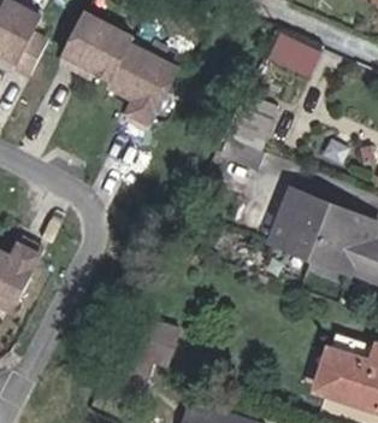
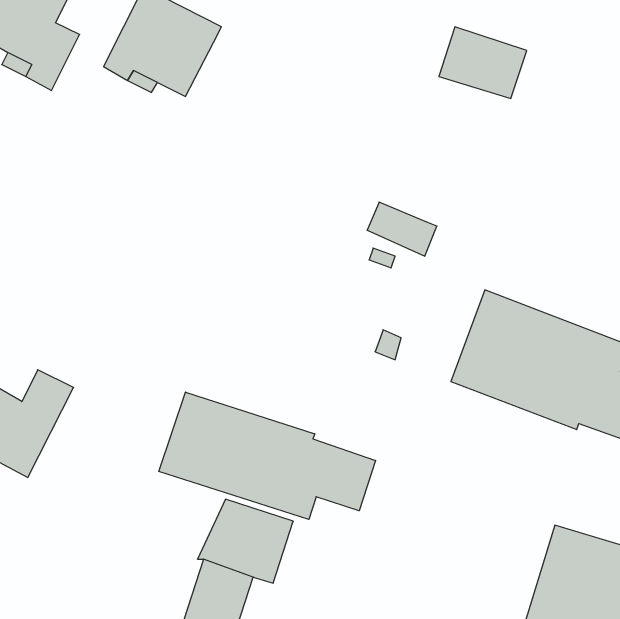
building: [110,41,178,122] -> none
building: [222,107,270,149] -> none
building: none -> [159,392,376,519]

